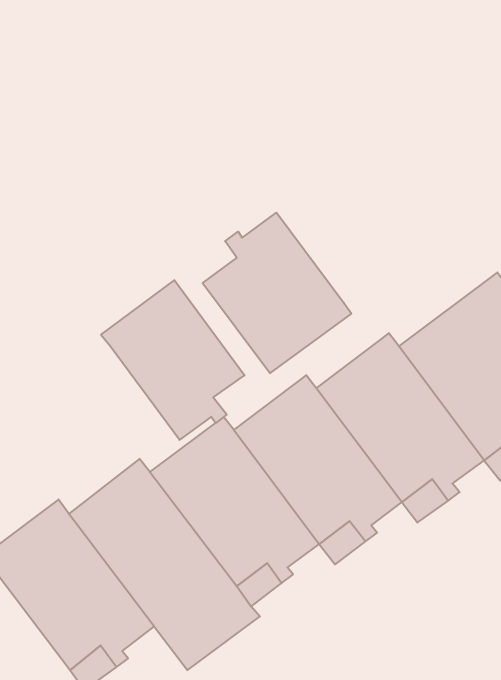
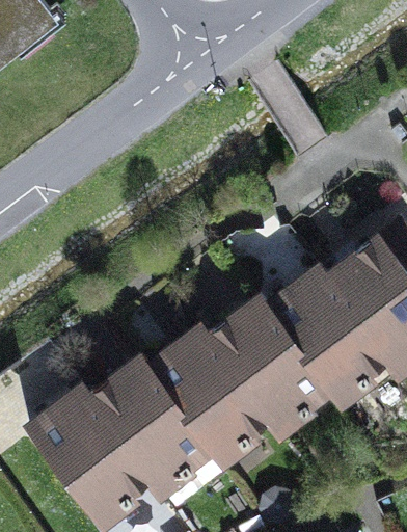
building: [203,213,351,373] -> none
building: [101,280,245,440] -> none

